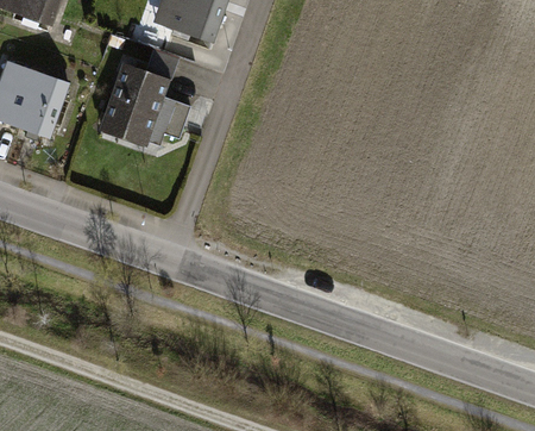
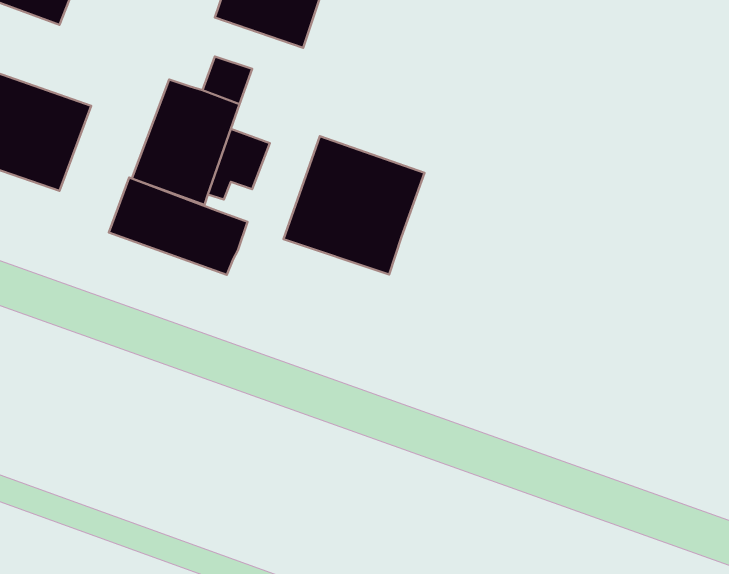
building: none -> [284,136,424,275]
building: none -> [109,177,247,275]

